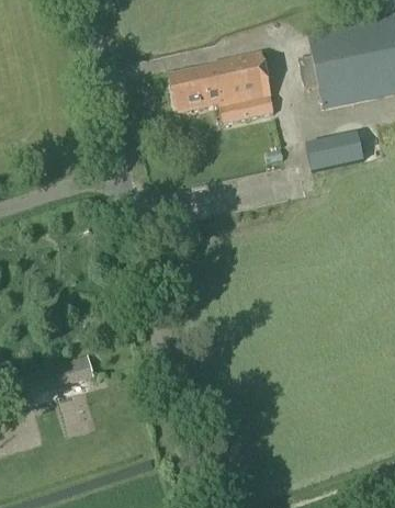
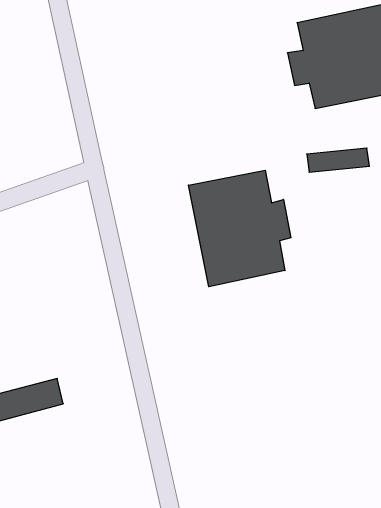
building: [168,50,273,121] -> none
building: none -> [188,170,291,287]

